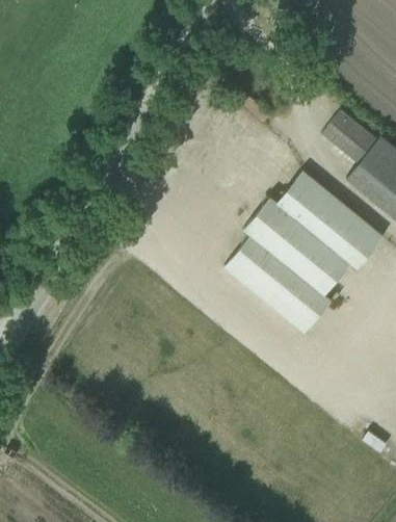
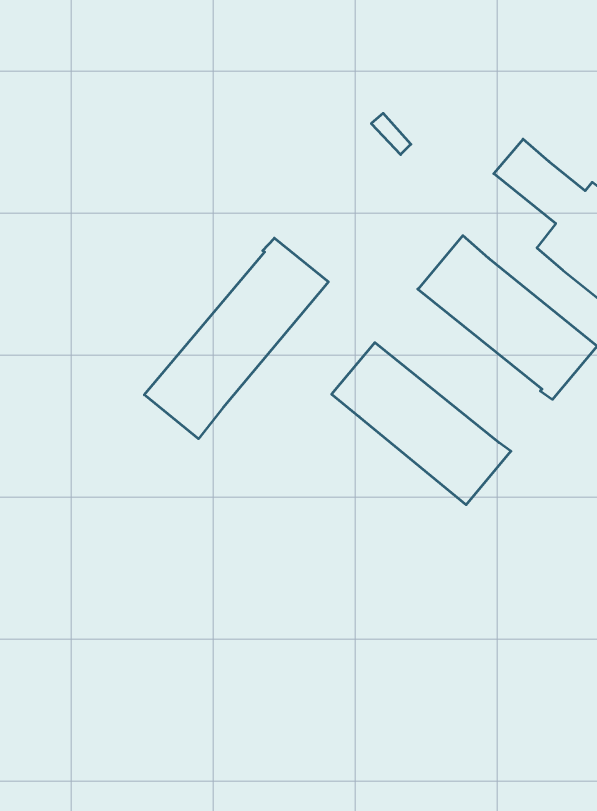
building: none -> [144,238,328,439]
building: [242,197,350,295] -> none

